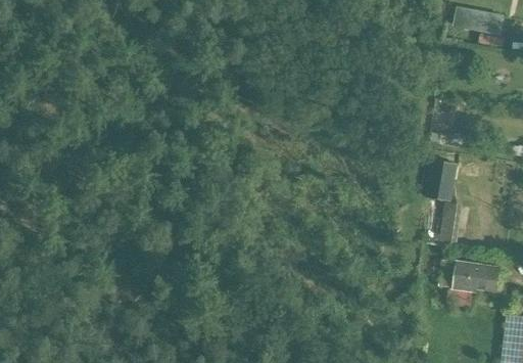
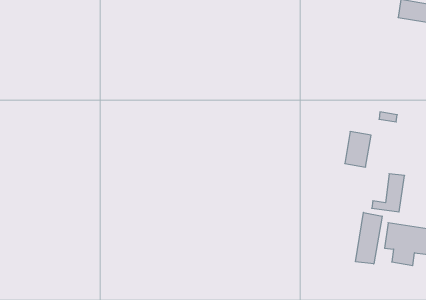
building: [427,161,457,200] -> [345,132,371,167]
building: none -> [356,212,382,264]

